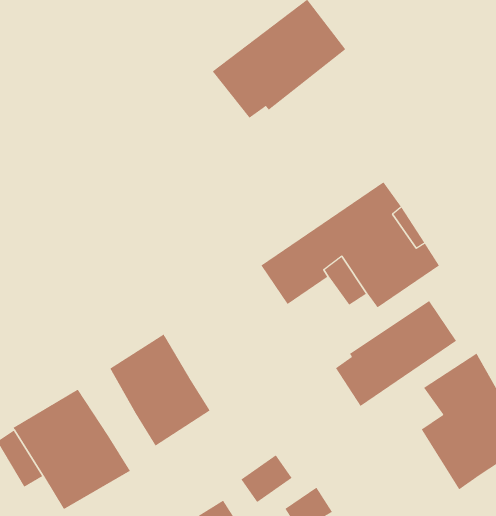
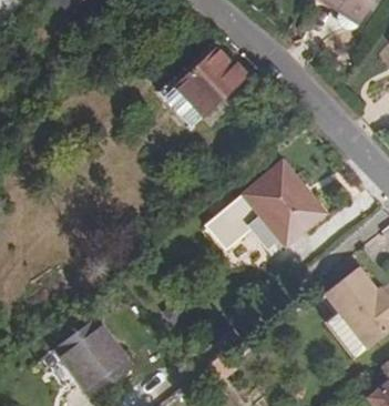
building: [335,300,457,407] -> none
building: [109,334,210,447] -> none

